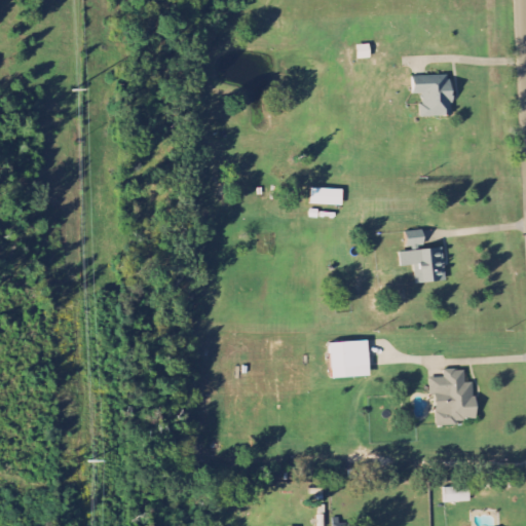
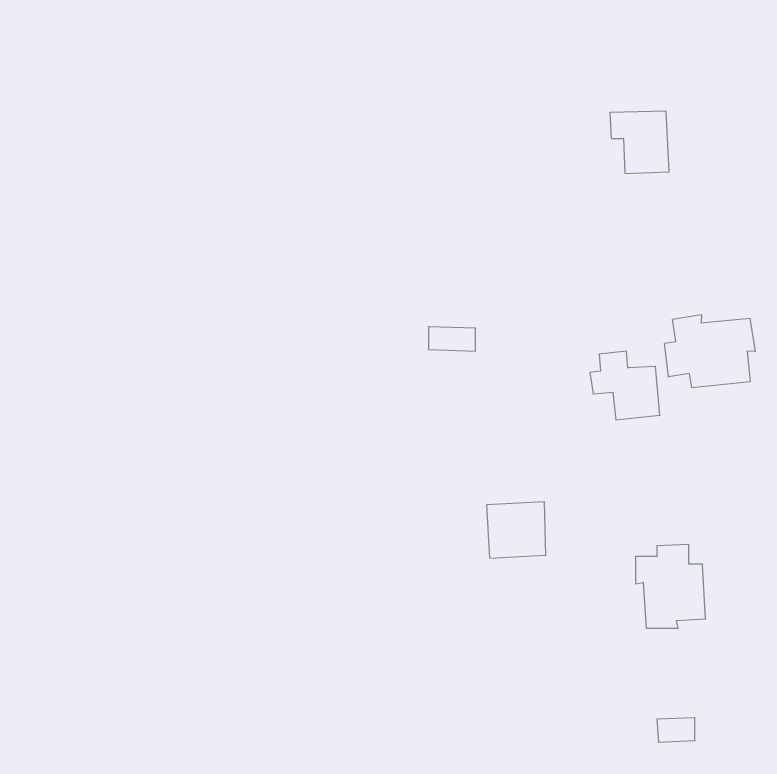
building: [310,188,342,204] -> [428,327,476,351]
building: none -> [665,315,755,388]

